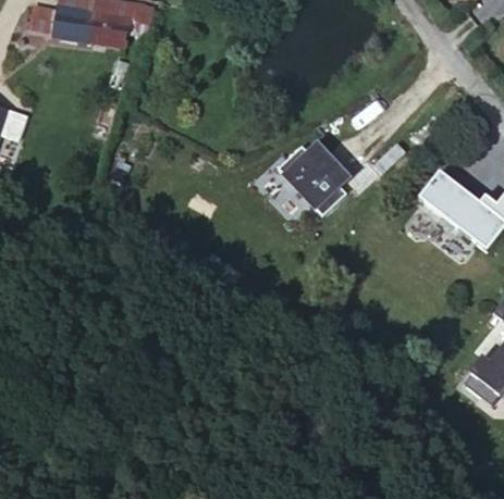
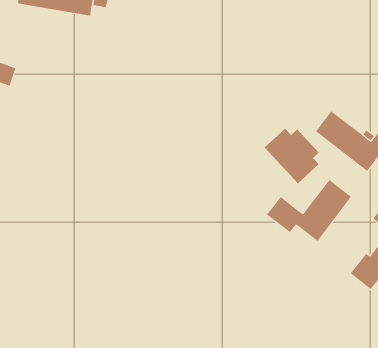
building: [276,141,349,215] -> [264,128,320,184]
building: none -> [266,179,352,242]

